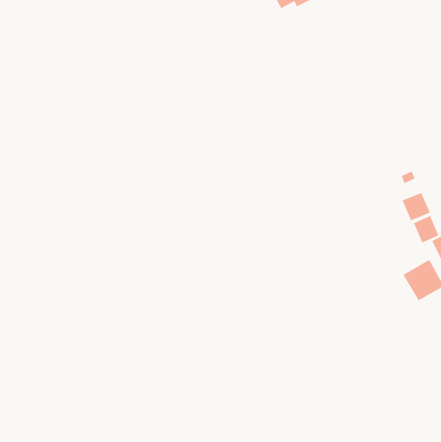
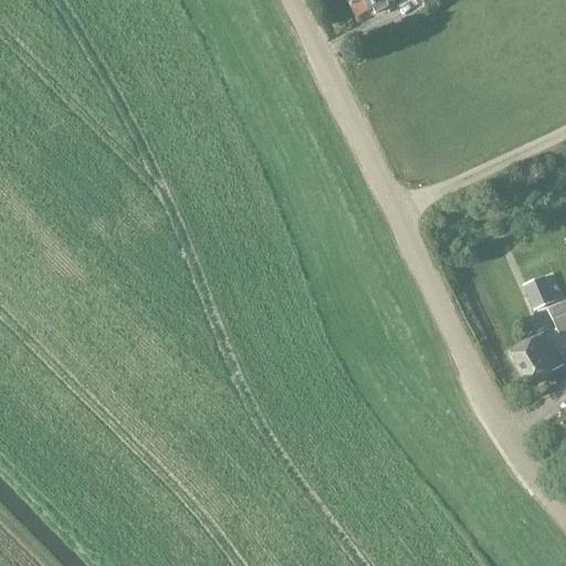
building: [402,192,430,221] -> none

